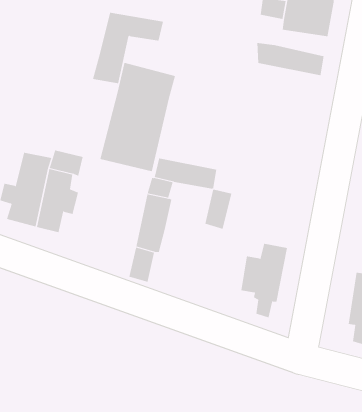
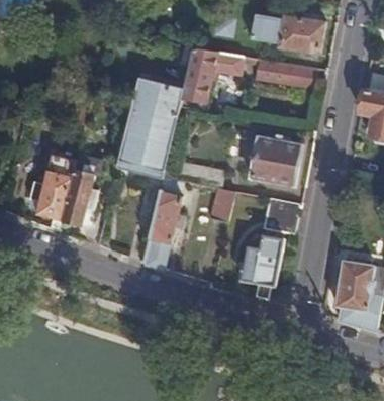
building: [92,12,164,84] -> [179,48,242,111]
building: none -> [249,134,300,185]
building: none -> [263,198,299,233]

